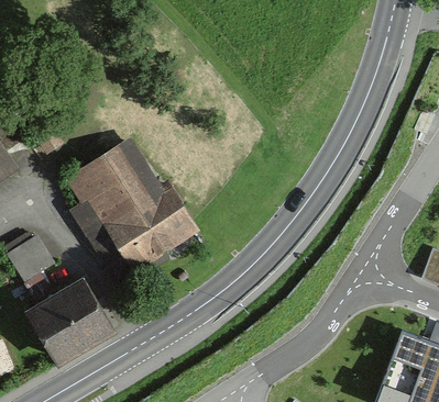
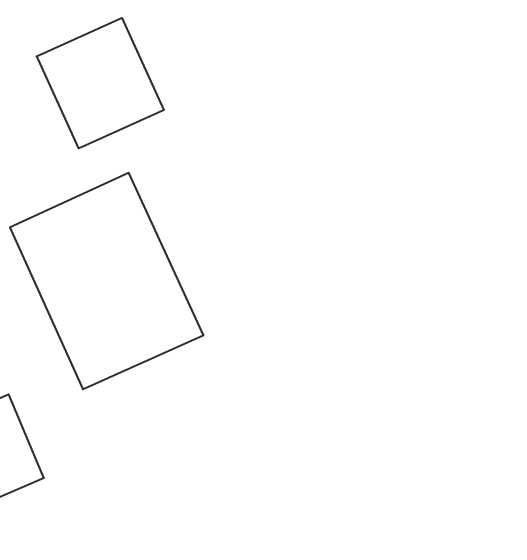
building: none -> [37,18,164,148]

